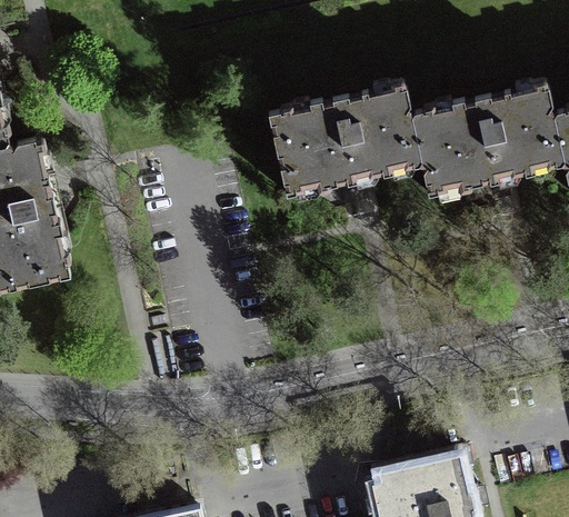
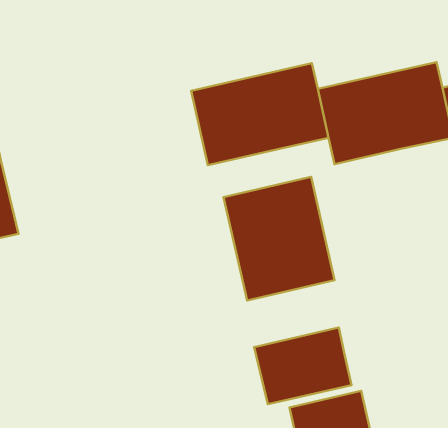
building: none -> [223,177,335,300]
building: none -> [254,328,351,404]

